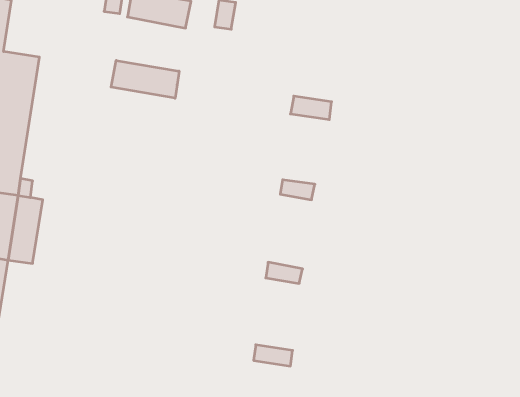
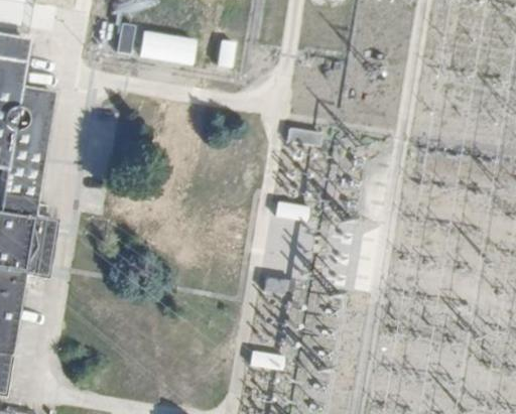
building: [111,60,179,98] -> none

